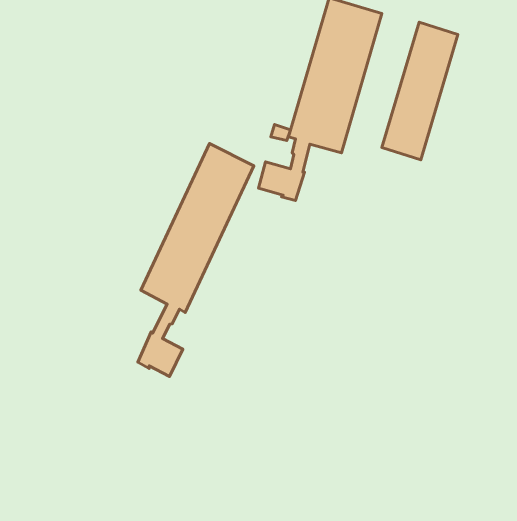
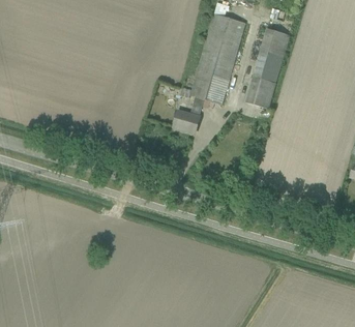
building: [138,144,254,377] -> none

